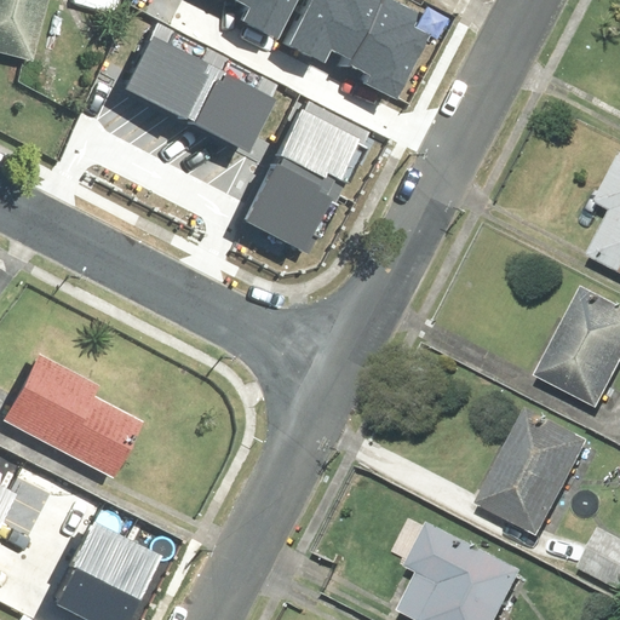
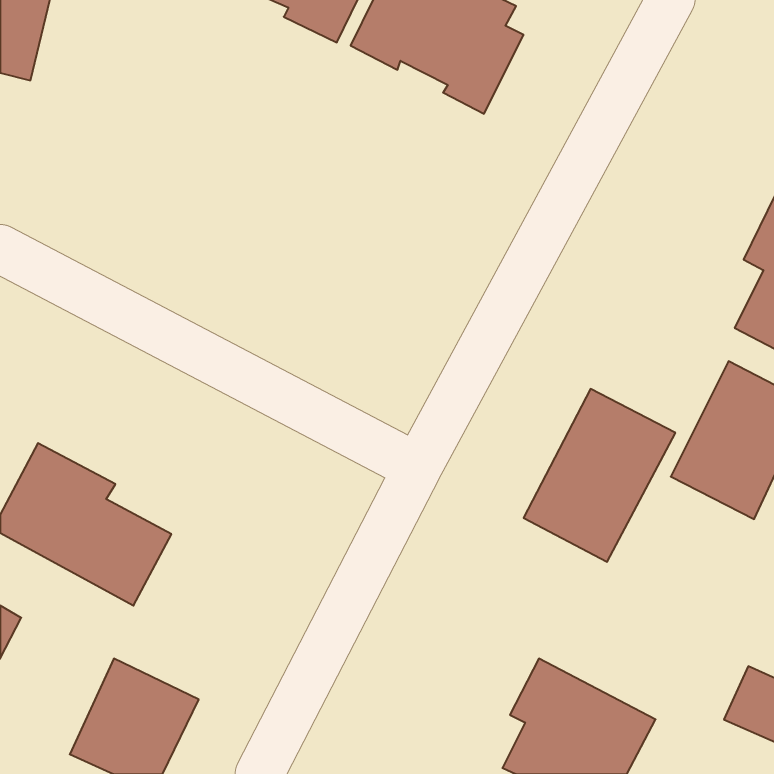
building: [124,19,272,138] -> none
building: [249,99,362,240] -> none
building: [476,407,597,545] -> [524,389,675,562]

